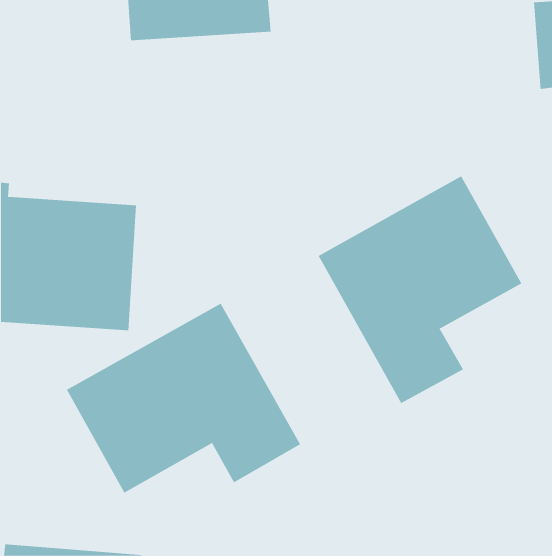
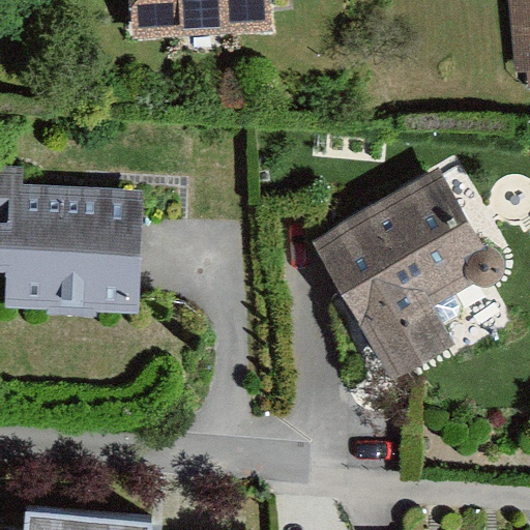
building: [66,303,301,493] -> none

